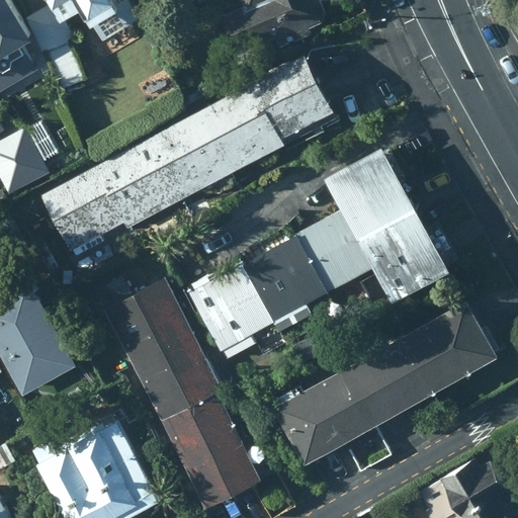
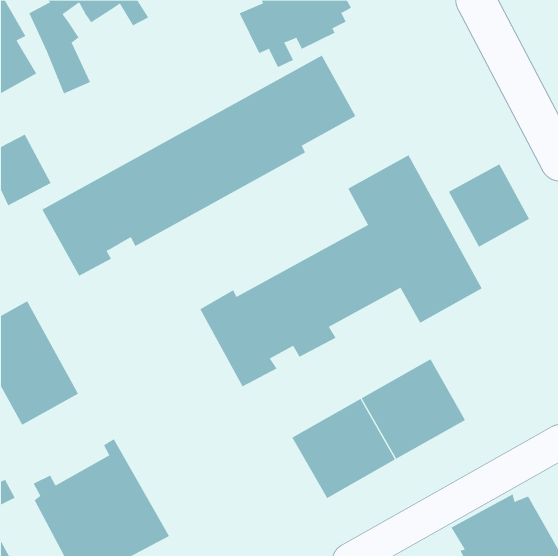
building: none -> [448,163,530,247]
building: [105,279,260,508] -> none
building: [400,298,496,392] -> none

